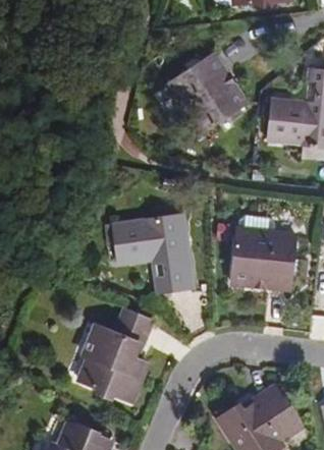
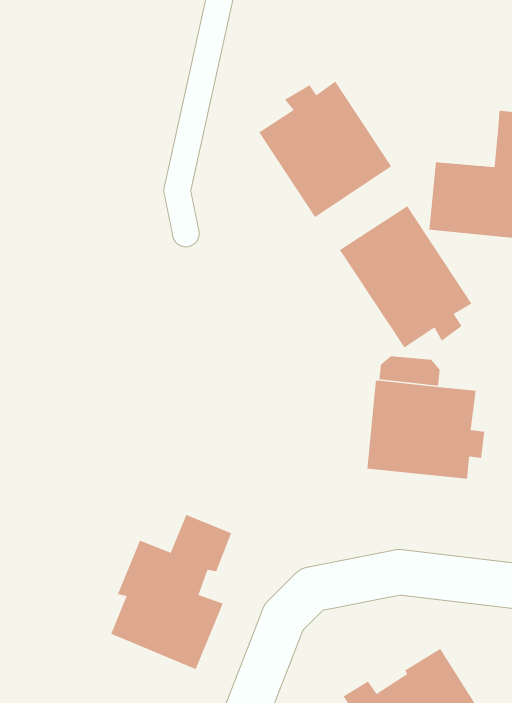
building: none -> [339,205,473,348]
building: [113,214,194,293] -> none

